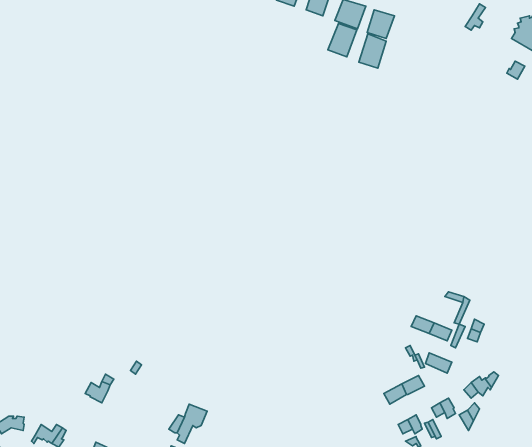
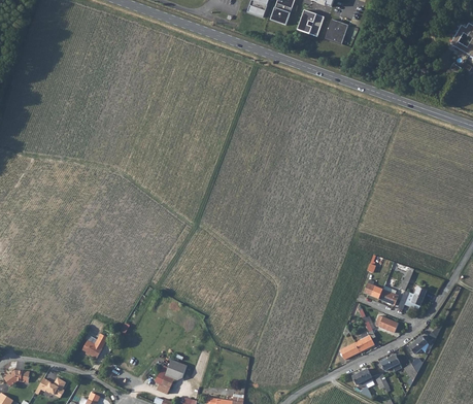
building: [328,24,357,57] -> none
building: [359,34,386,68] -> none

